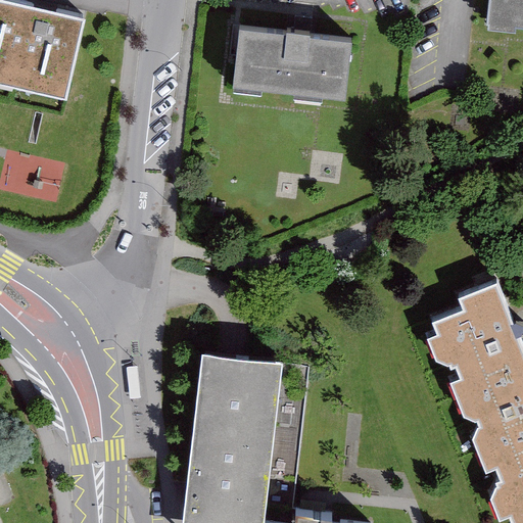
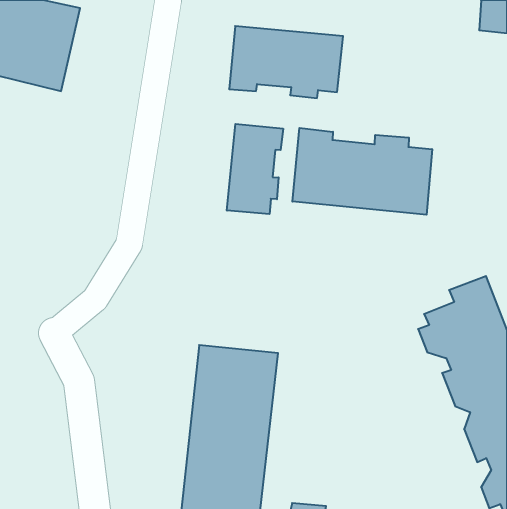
building: none -> [227,124,283,214]
building: none -> [292,128,432,215]

